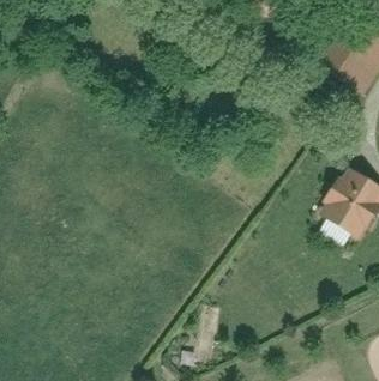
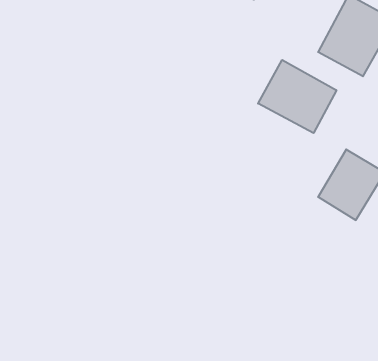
building: none -> [258,60,336,133]

